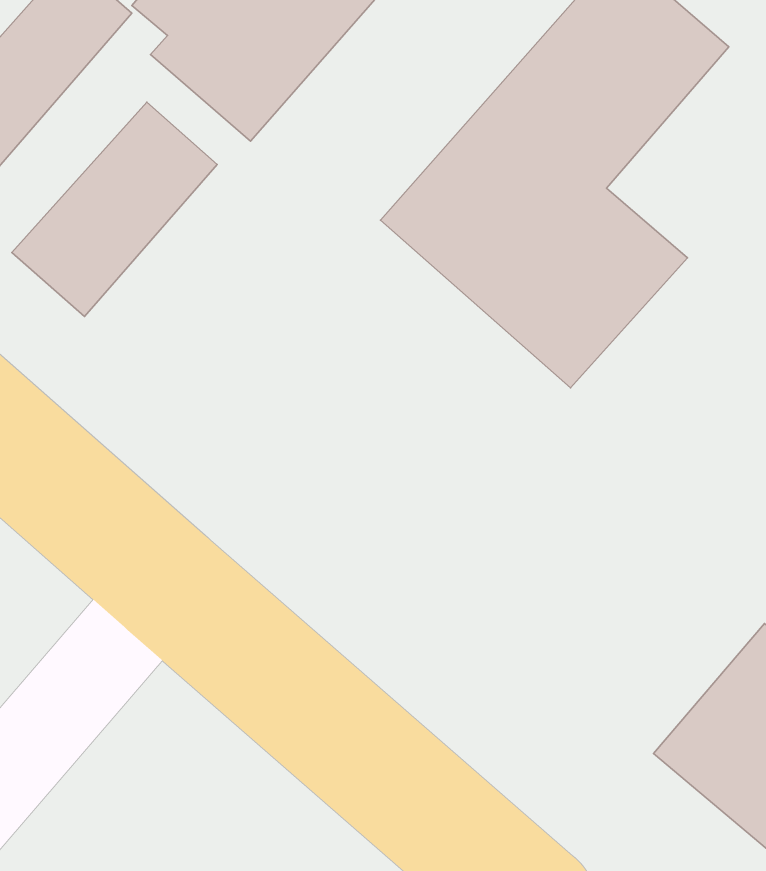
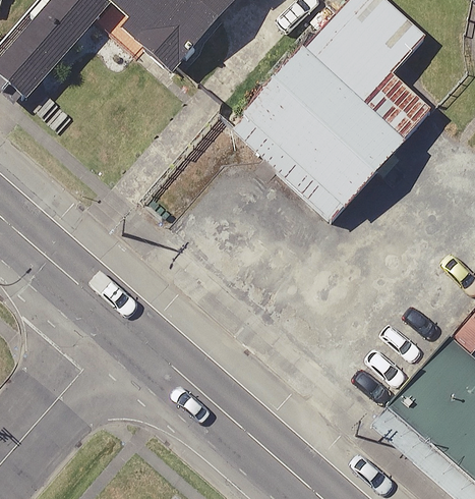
building: [12,102,217,317] -> none

